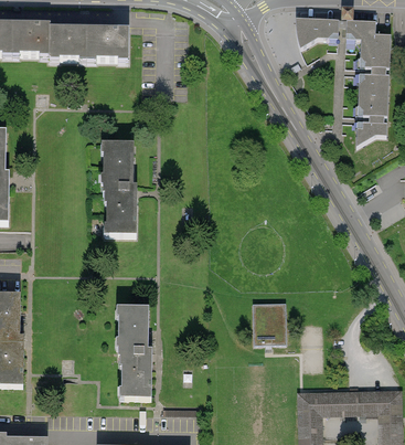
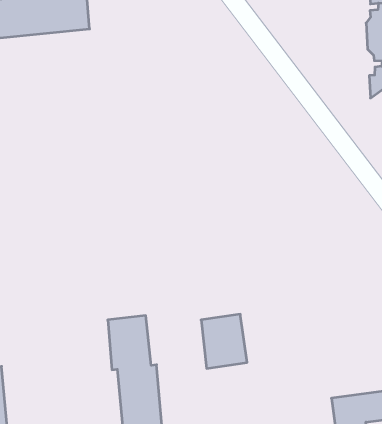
building: [102,145,138,237] -> none
building: [252,303,286,345] -> [201,314,247,368]

